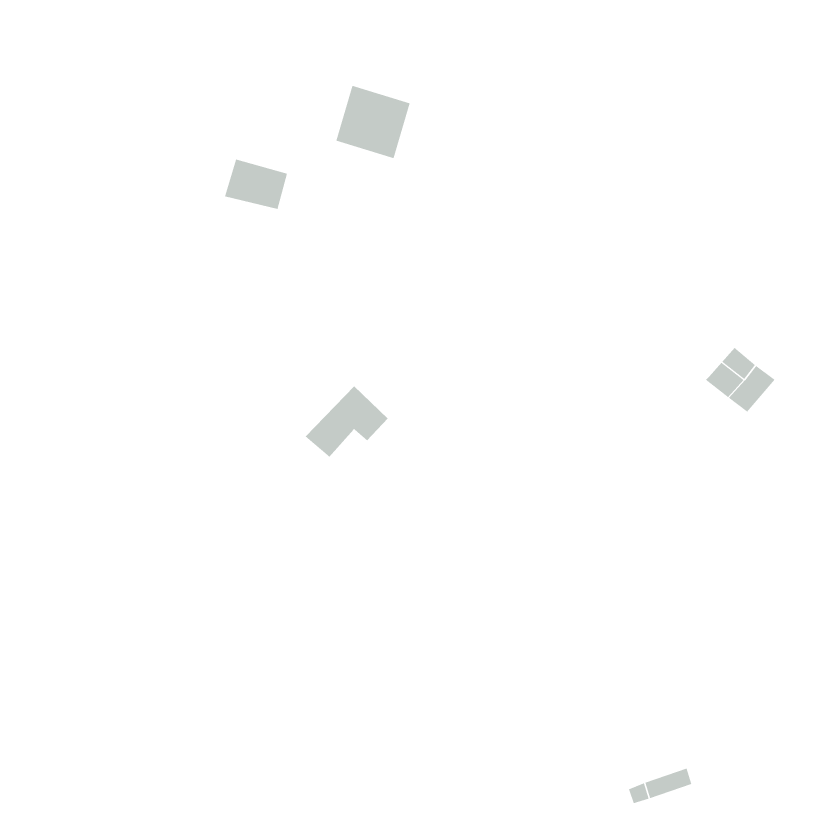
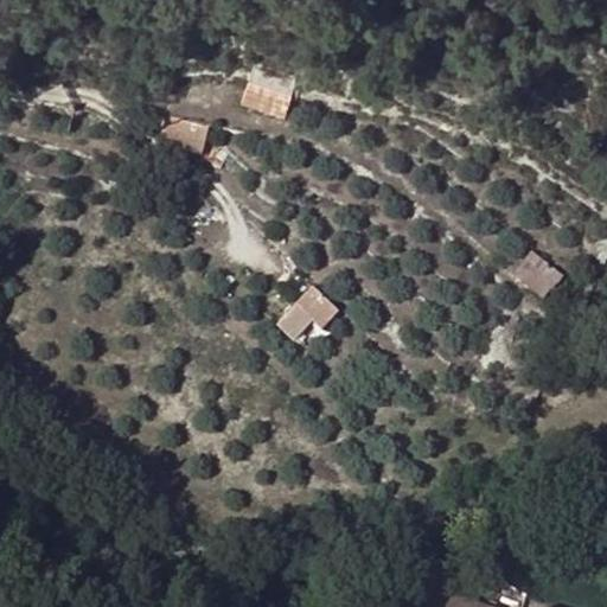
building: [305,386,388,458] -> [277,287,338,339]

